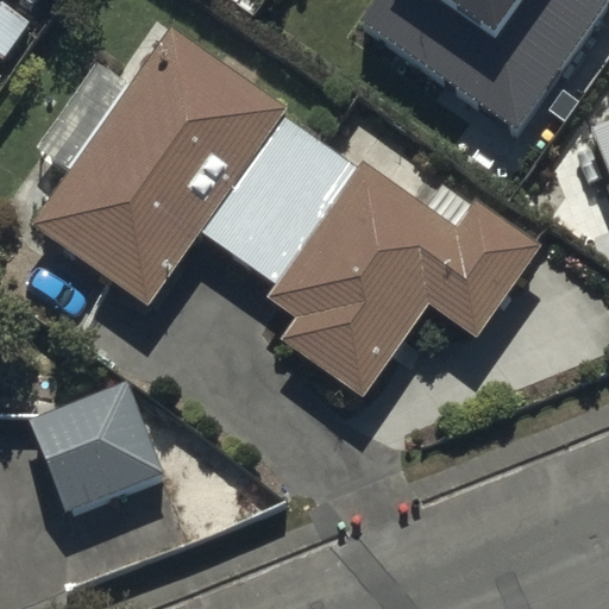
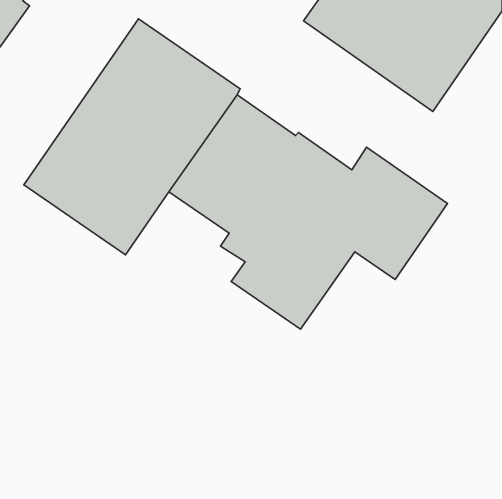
building: [30,381,165,515] -> none

